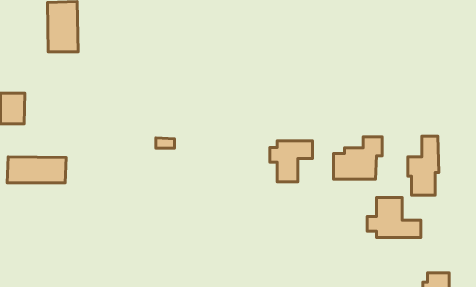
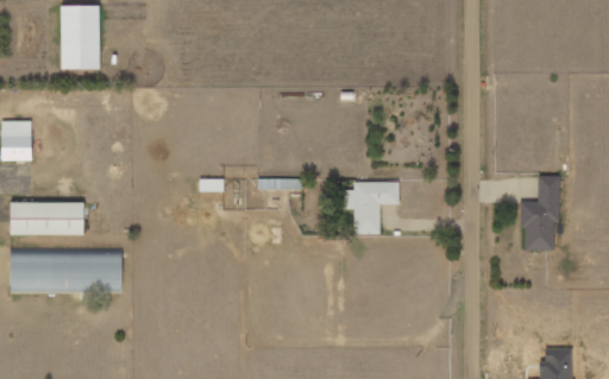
building: [333,137,382,179] -> none
building: [367,197,421,237] -> none
building: none -> [10,253,121,292]

